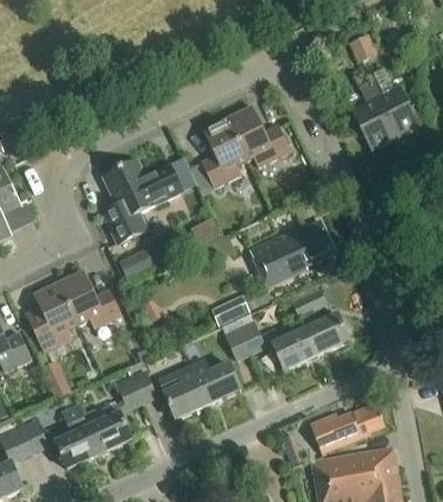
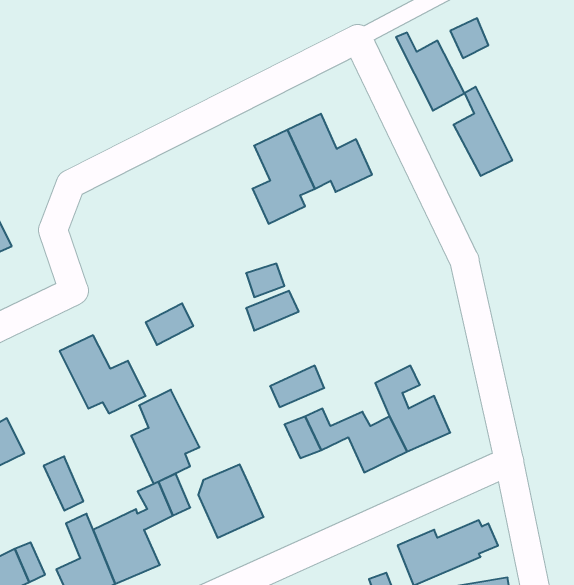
building: [367,81,418,139] -> [396,33,465,111]
building: [102,159,183,242] -> none
building: [249,222,334,290] -> none
building: [27,281,78,351] -> [131,390,200,484]
building: [197,364,240,405] -> none

